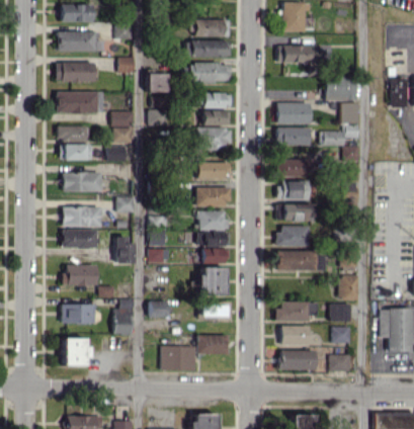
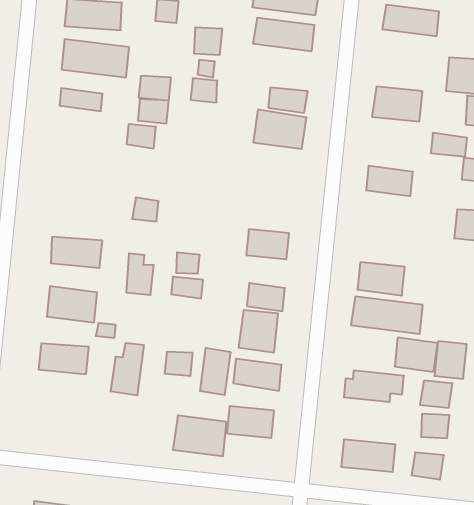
building: [203,93,231,107] -> none
building: [277,126,310,145] -> none
building: [60,144,91,160] -> none
building: [198,162,230,179] -> none
building: [63,172,101,191] -> none
building: [279,181,309,198] -> none
building: [196,187,229,206] -> none
building: [282,203,314,222] -> none
building: [63,206,101,226] -> none
building: [197,231,230,246] -> none
building: none -> [200,348,230,395]
building: [281,325,310,346] -> [395,338,438,372]
building: [63,338,87,366] -> none

